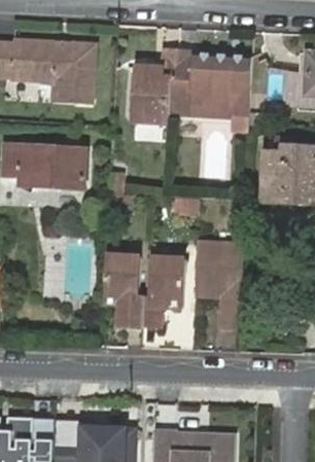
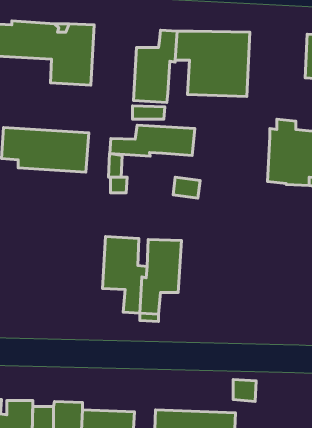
building: none -> [110,125,195,156]
building: [191,244,238,330] -> none

